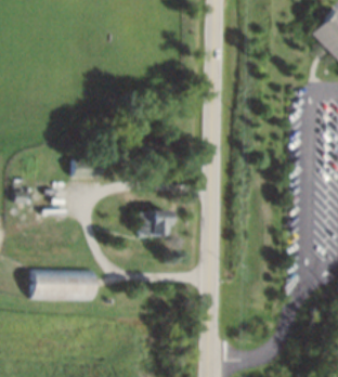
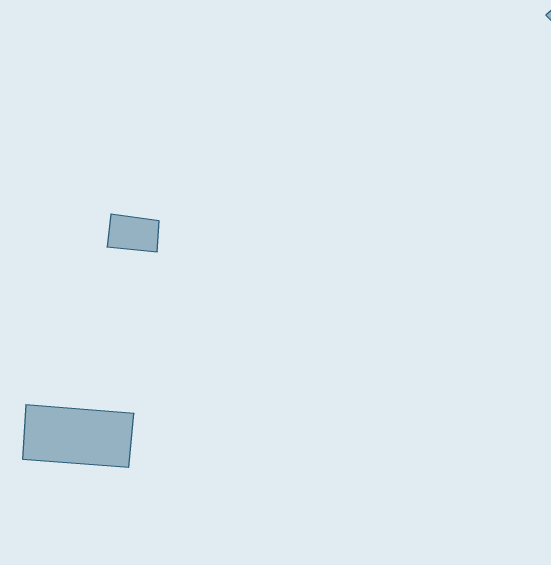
building: [135,211,168,235] -> none

